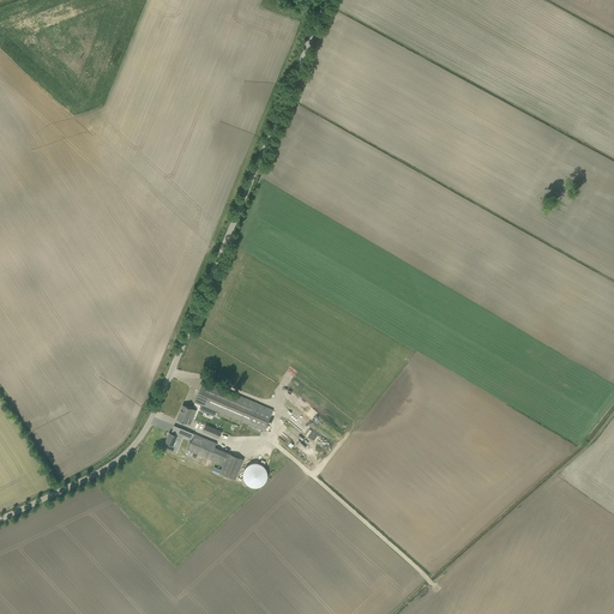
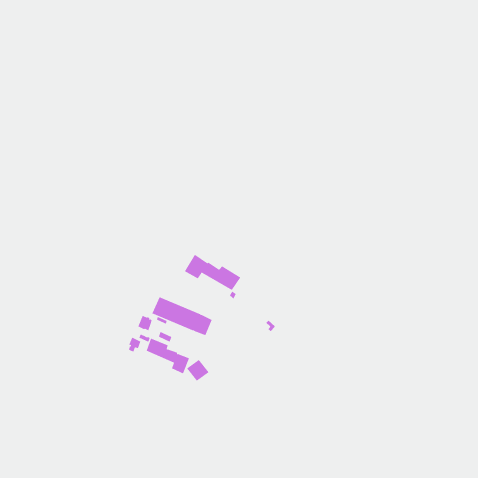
building: none -> [184,254,241,291]

